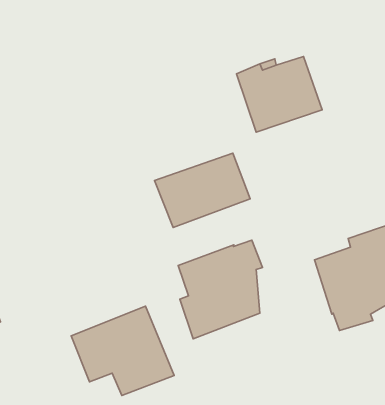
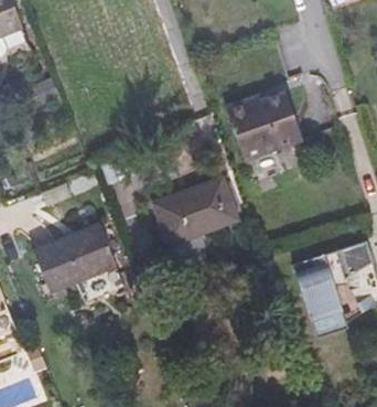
building: [178,240,263,339] -> none
building: [71,306,174,395] -> [32,224,123,303]

